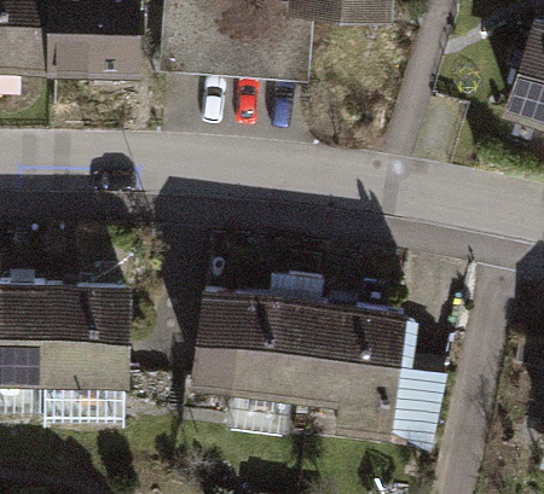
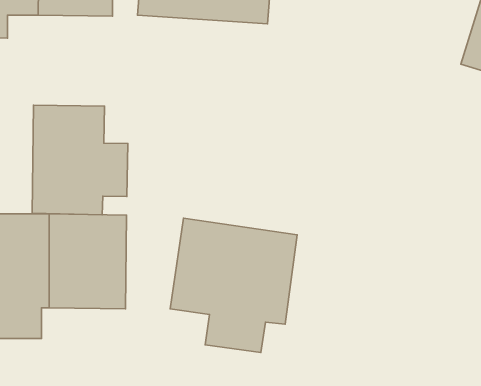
building: none -> [32,105,128,215]
building: [320,304,452,441] -> none

